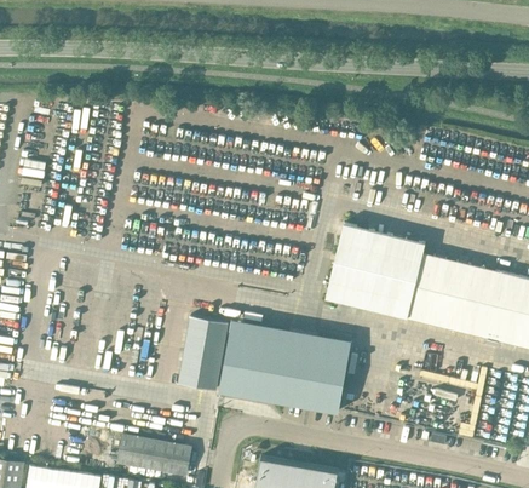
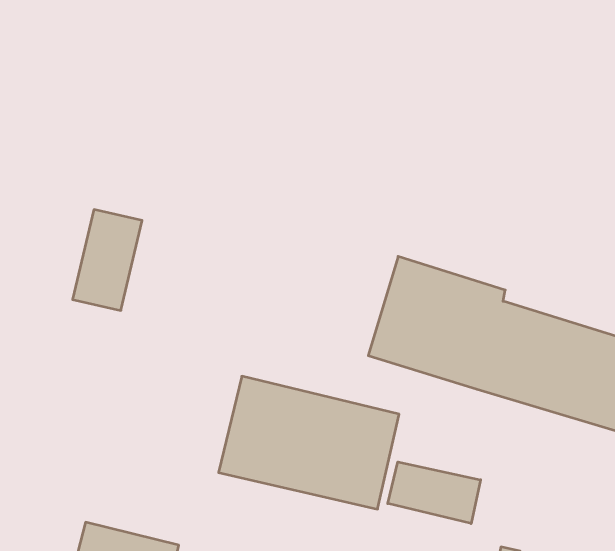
building: [179,317,228,391] -> [73,210,142,310]
building: none -> [388,462,481,524]

